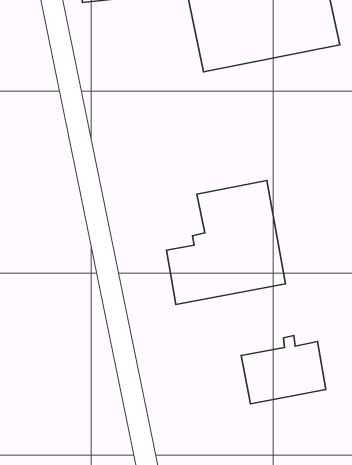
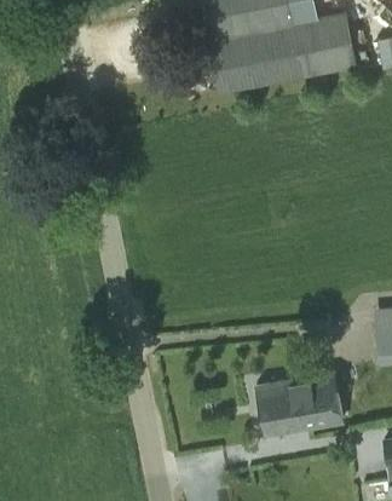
building: [166,180,286,304] -> none

